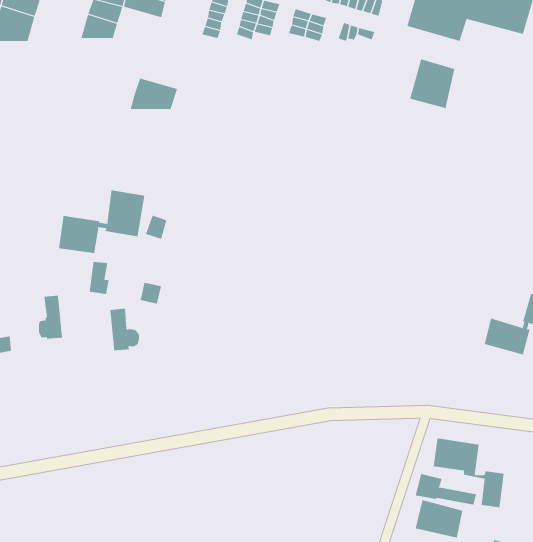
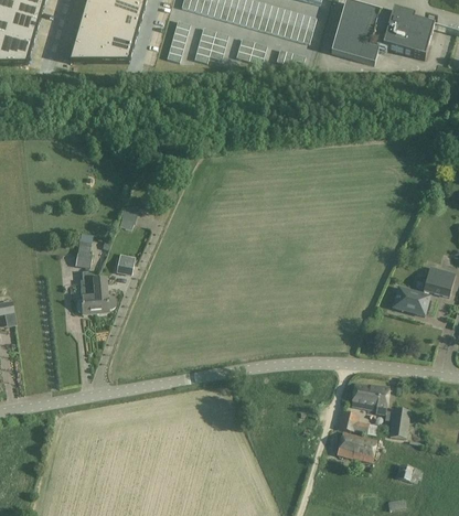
building: [410,59,455,109] -> none
building: [130,78,178,110] -> [95,35,134,61]
building: [59,190,145,254] -> none
building: [38,295,63,339] -> [75,277,95,312]

